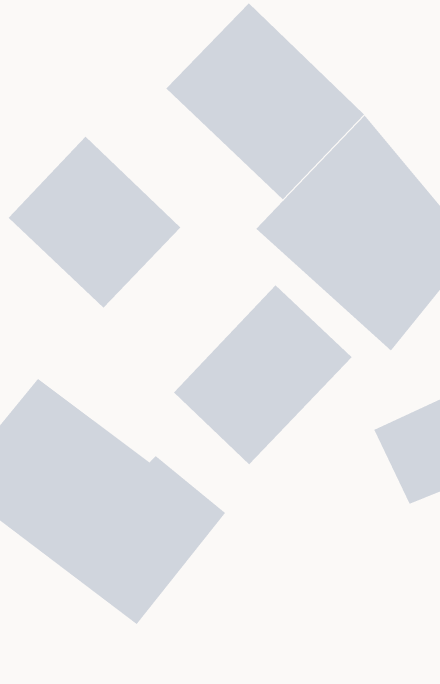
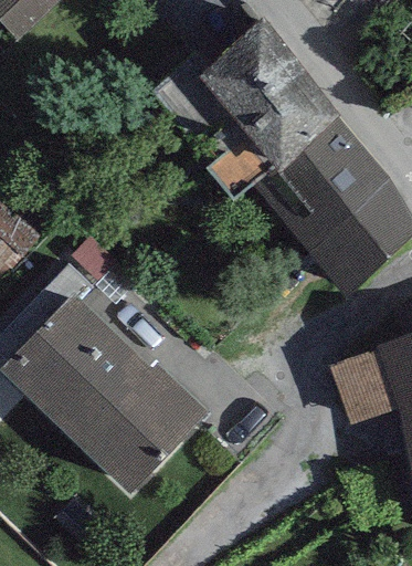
building: [8,136,181,308] -> none
building: [173,285,353,465] -> none

